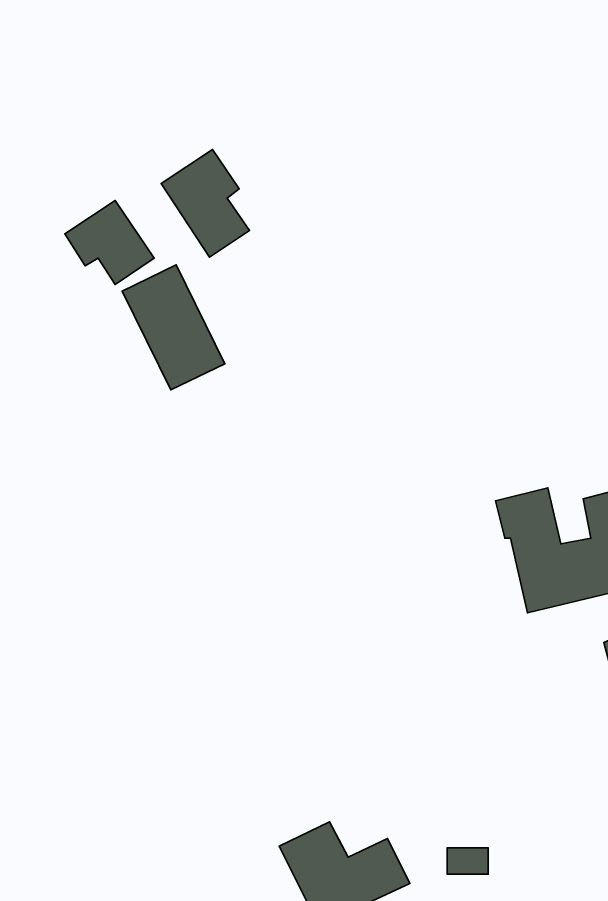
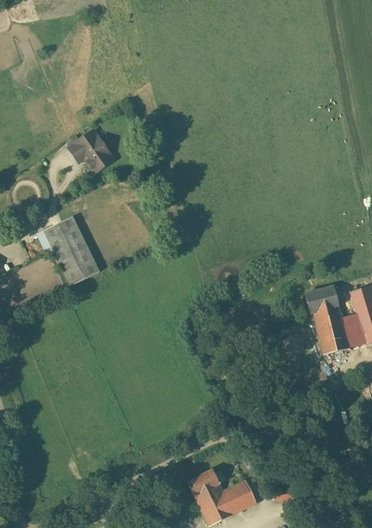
building: [161,149,249,257] -> none
building: [122,265,225,390] -> [42,216,99,285]

